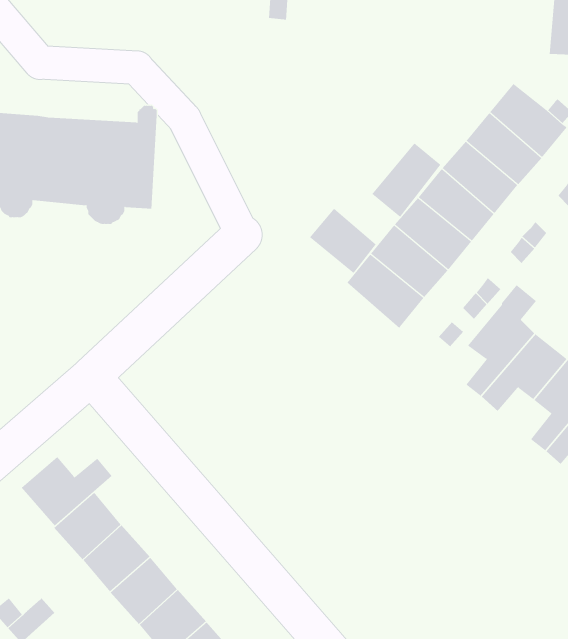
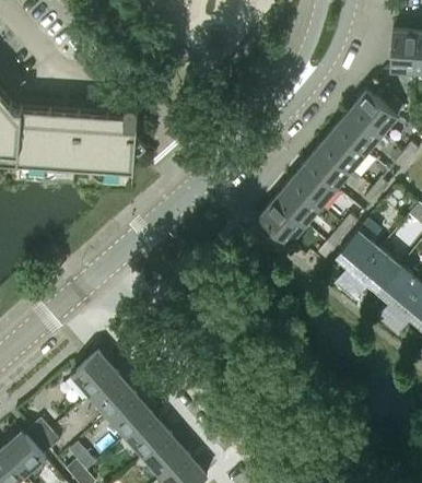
building: [371,142,441,218] -> none
building: [309,208,377,274] -> none
building: [21,456,112,527] -> none

